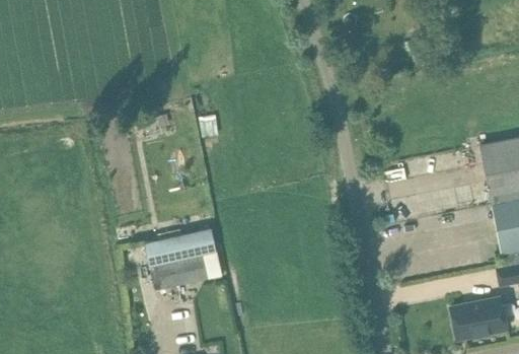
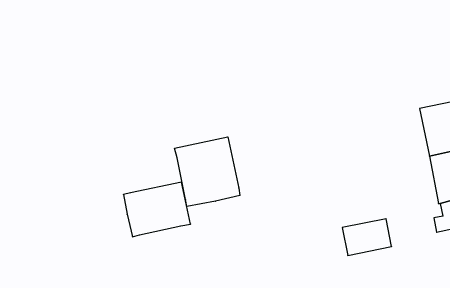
building: none -> [175,137,240,207]
building: [450,297,506,339] -> [342,219,392,255]

